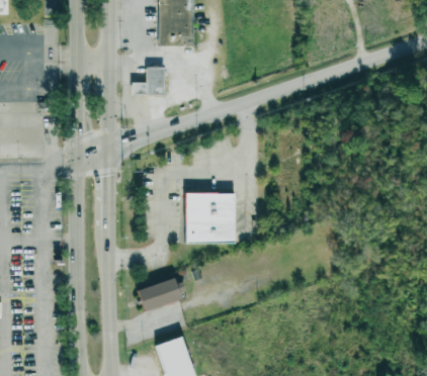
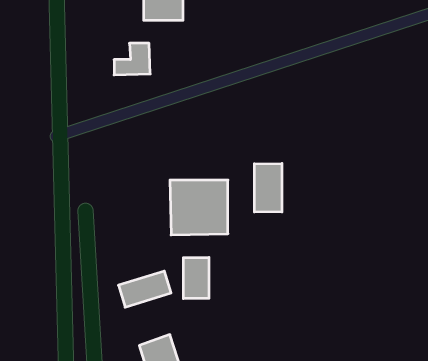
building: none -> [254,163,282,212]
building: none -> [183,257,209,299]

